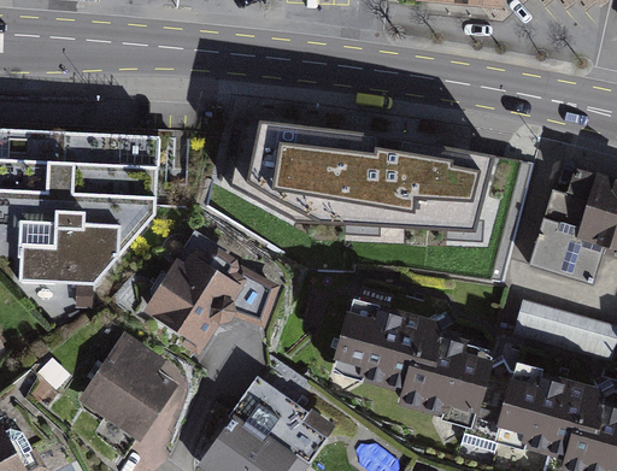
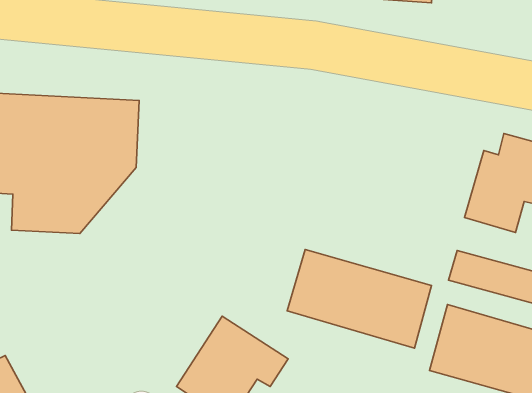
building: [218,125,492,232] -> none
building: [151,249,241,340] -> none
building: [78,335,178,437] -> none

